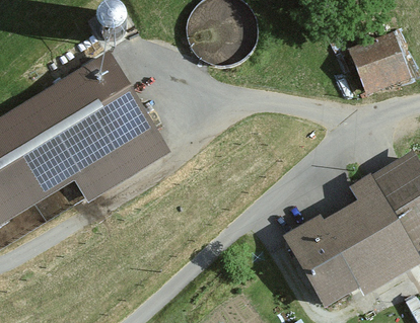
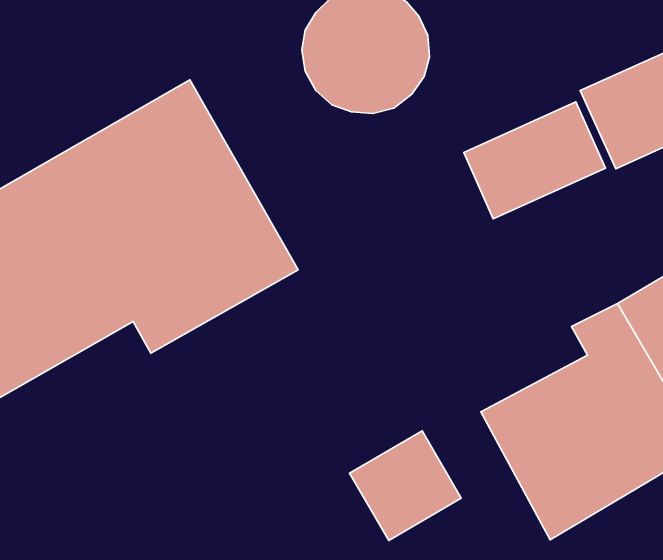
building: none -> [464,102,605,219]
building: none -> [350,431,461,541]

